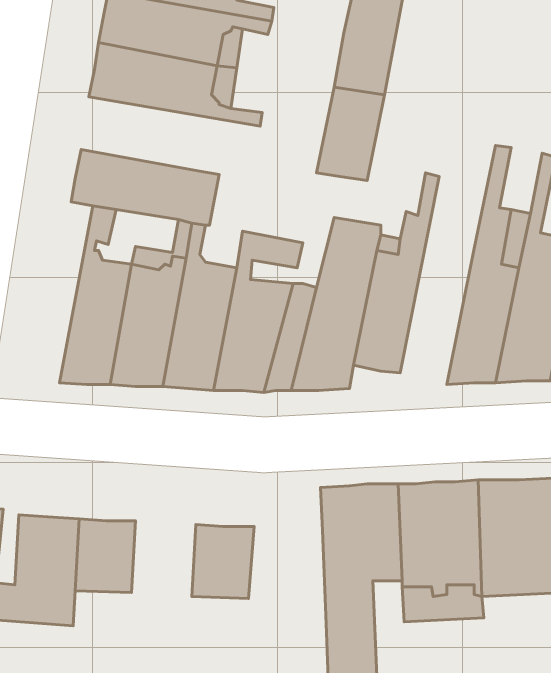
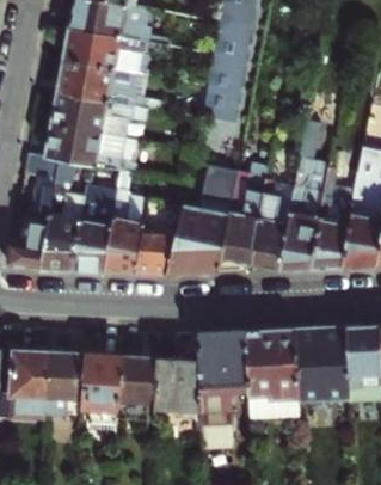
building: none -> [51,94,140,140]
building: none -> [247,143,293,271]
building: none -> [7,155,59,270]
building: none -> [82,355,122,410]
building: none -> [154,358,202,418]

